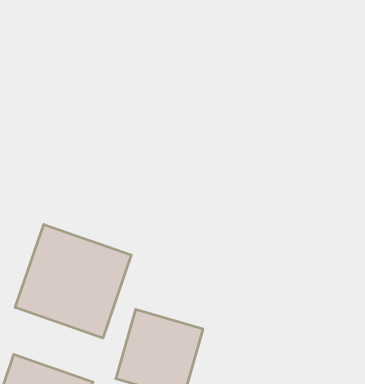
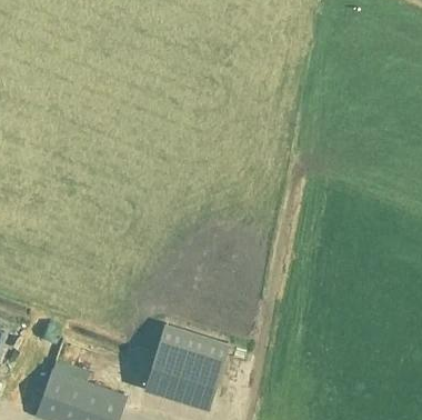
building: [15,224,131,338] -> none

